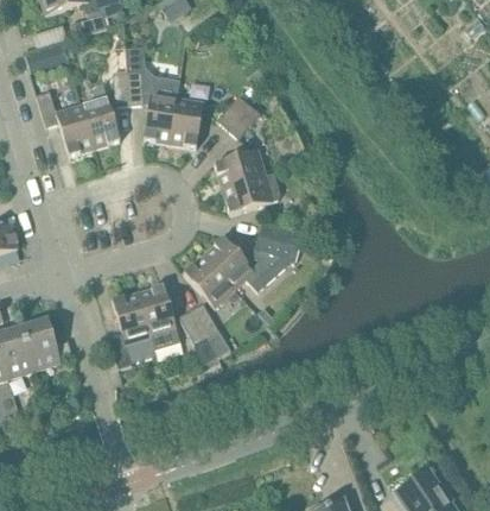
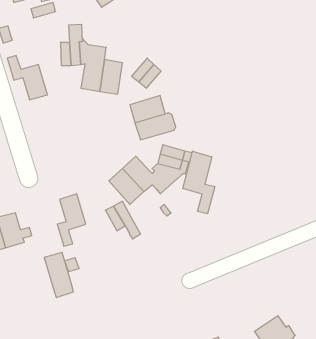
building: [82,83,120,147] -> none
building: none -> [183,151,215,214]
building: [138,284,180,349] -> [44,252,73,298]

